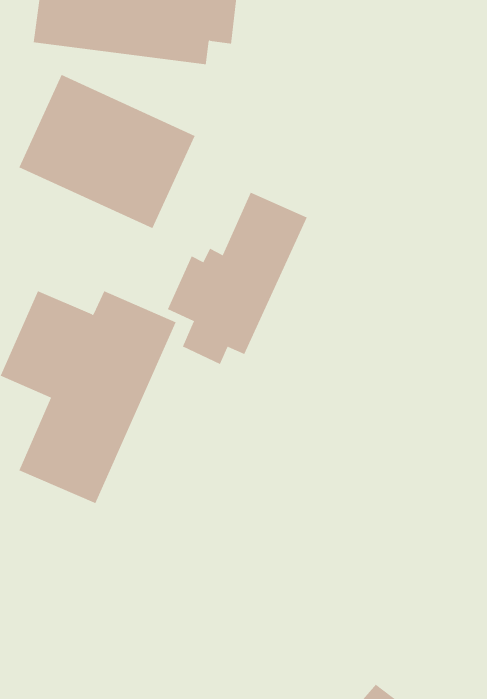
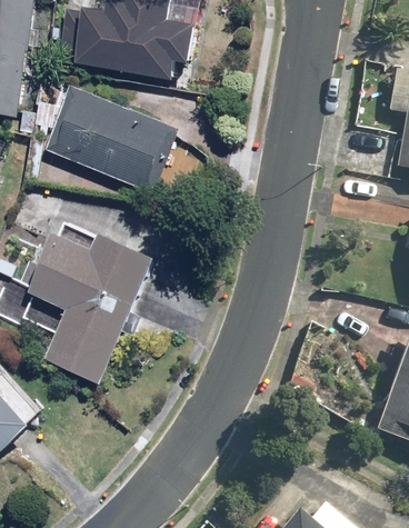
building: [167,192,307,365] -> none

